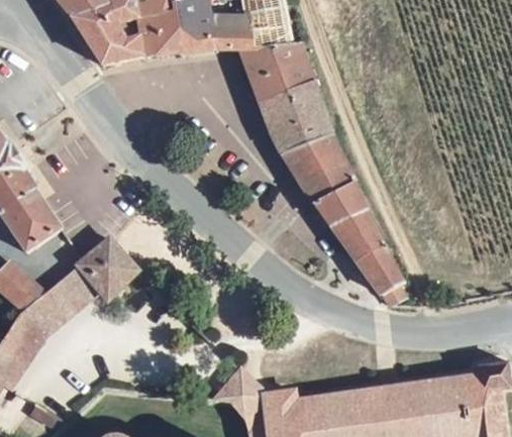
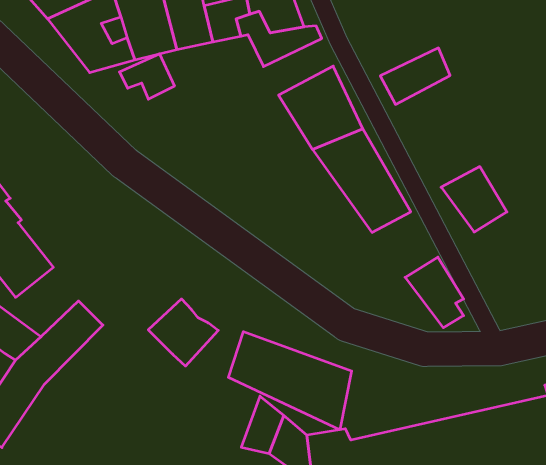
building: [252,54,312,100] -> [380,48,450,104]
building: none -> [119,54,174,99]
building: [334,208,389,263] -> [441,167,507,232]
building: [80,238,139,296] -> [148,299,218,366]
building: none -> [228,332,352,430]

